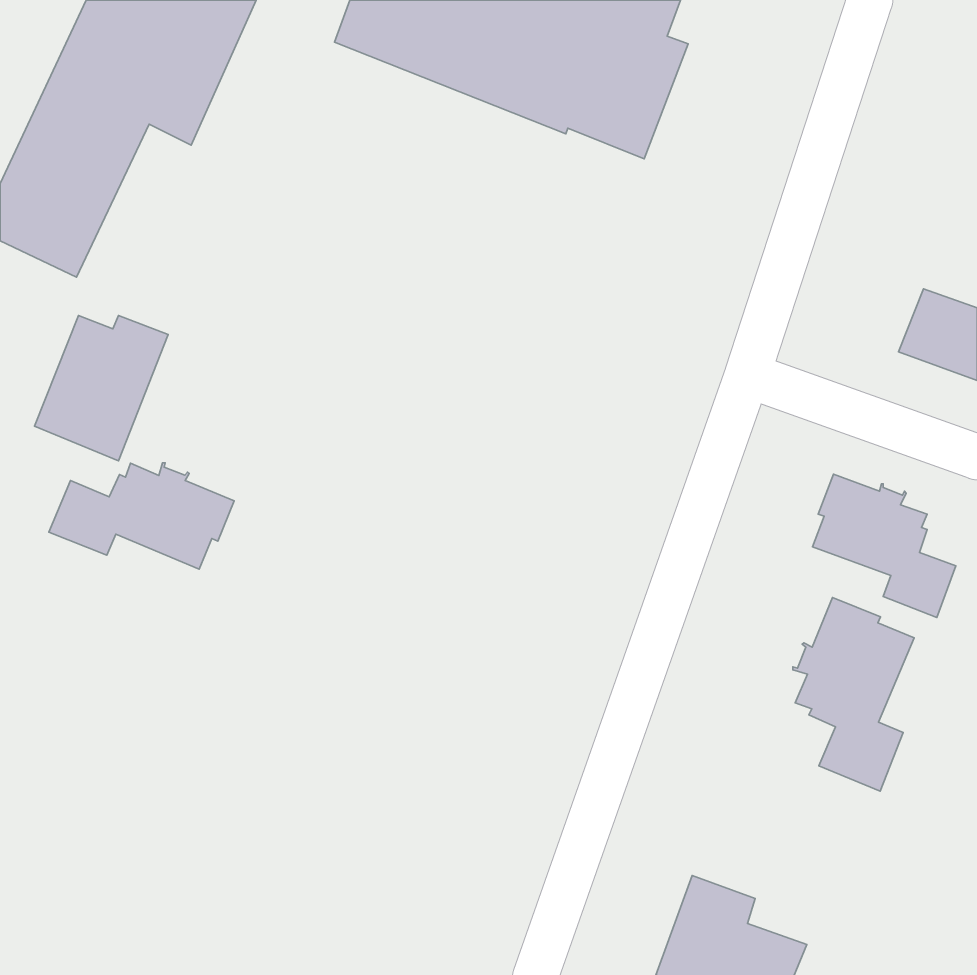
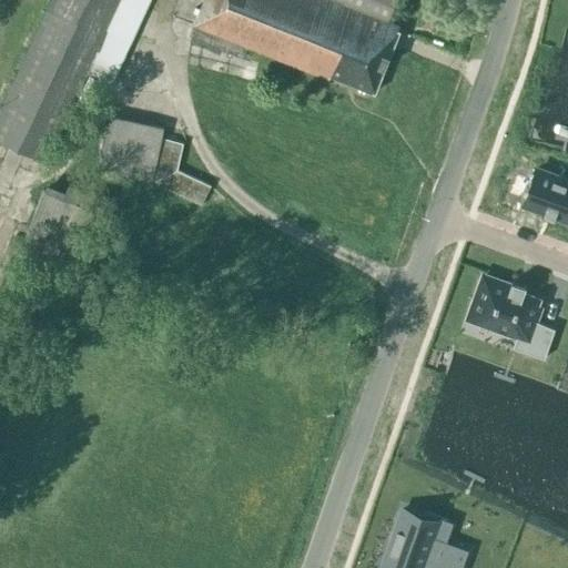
building: none -> [99,116,211,206]
building: [49,463,234,569] -> none
building: [793,597,914,791] -> none

